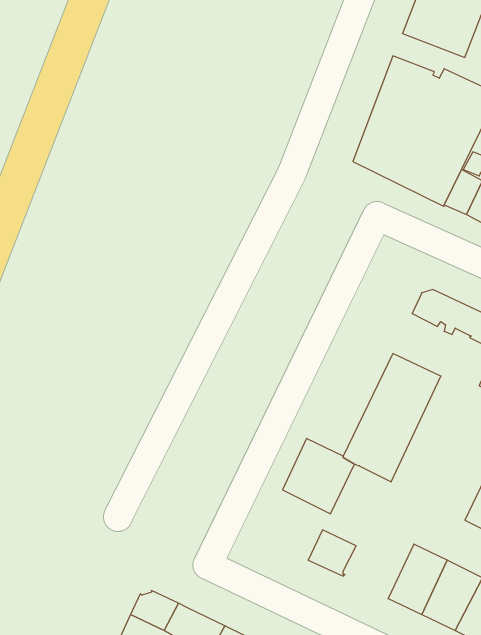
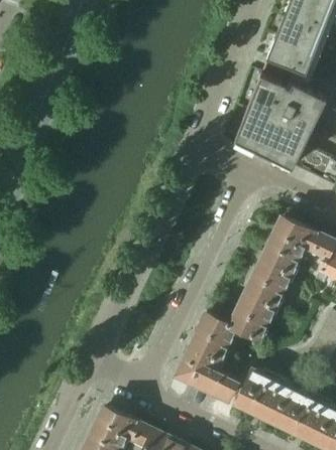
building: none -> [261,233,311,272]
building: none -> [180,343,222,388]
building: none -> [235,366,274,412]

